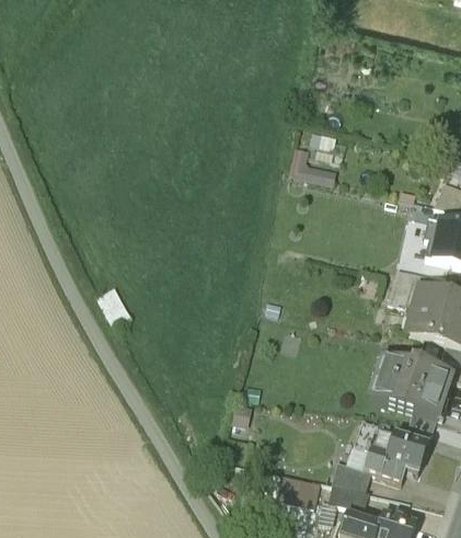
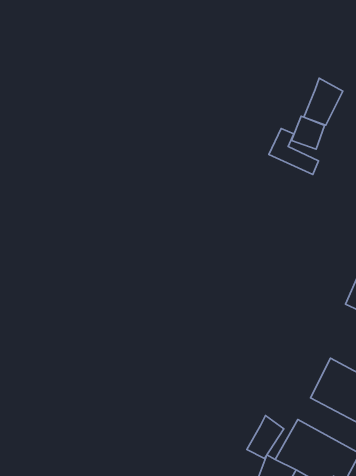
building: none -> [304,78,343,125]
building: none -> [247,415,284,459]

